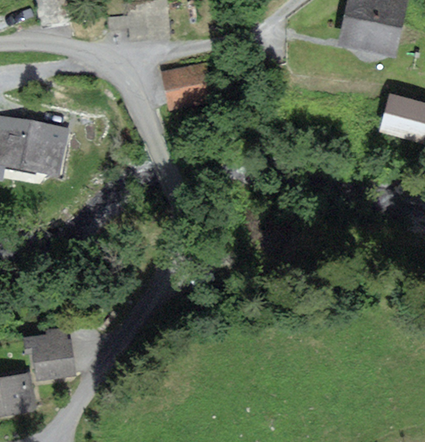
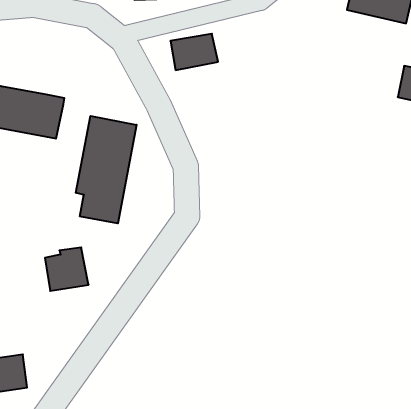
building: none -> [76,116,137,223]
building: [30,334,72,376] -> [45,247,89,291]

